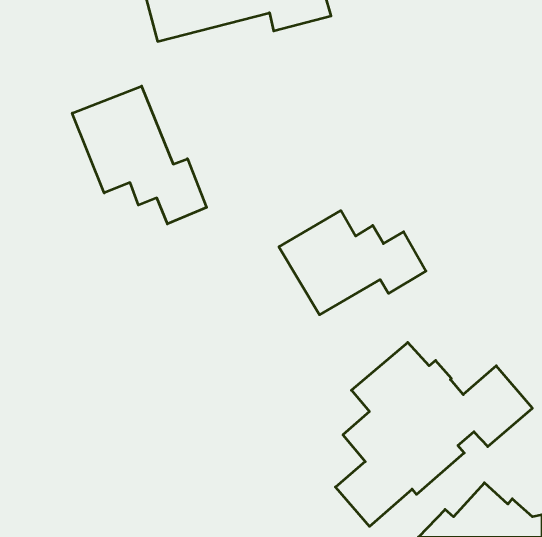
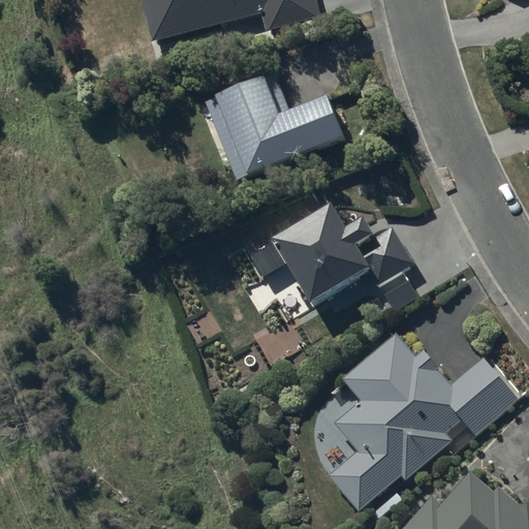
building: none -> [205,80,343,180]
building: [72,86,207,224] -> none

